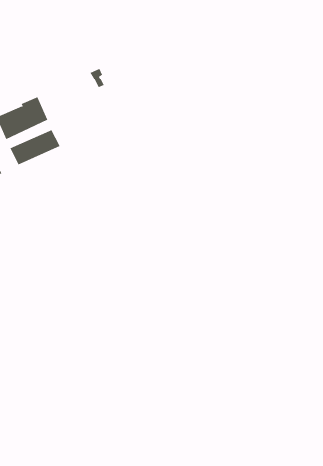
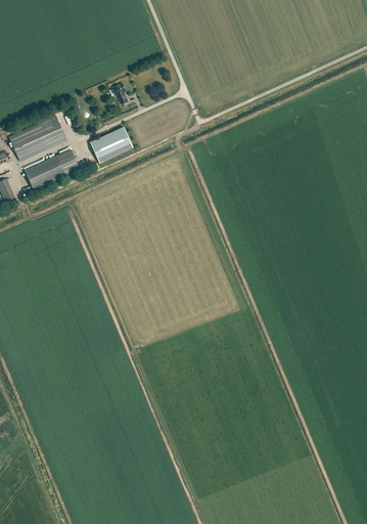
building: none -> [89,126,132,162]

